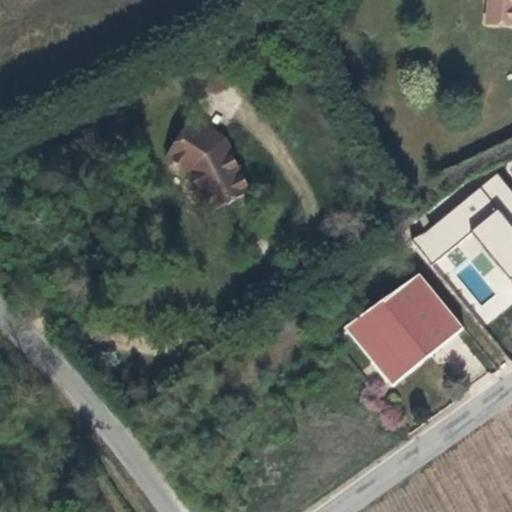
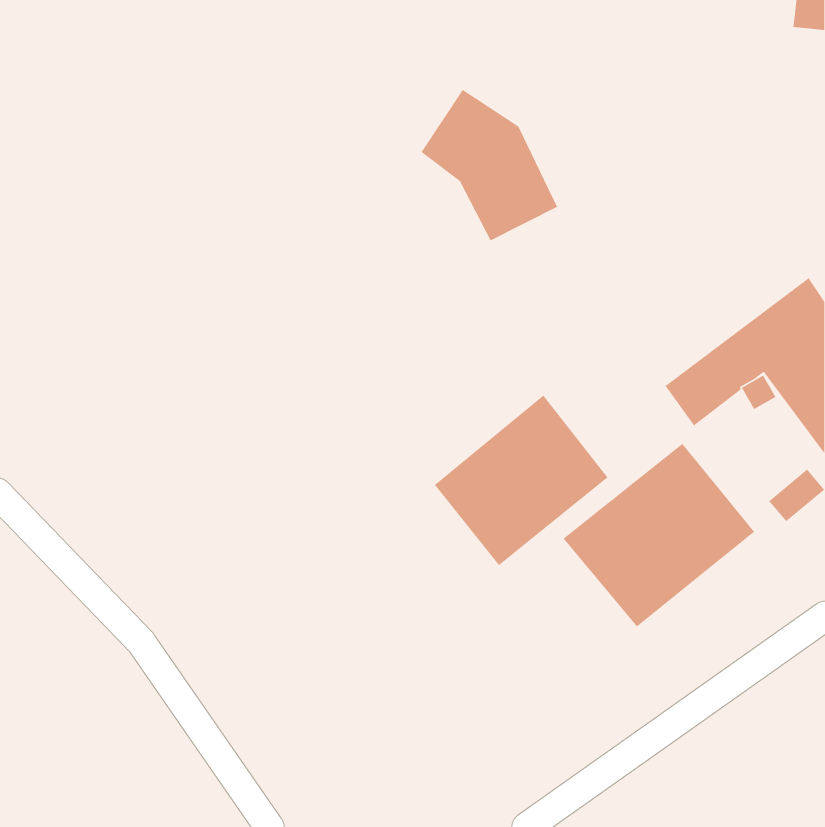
building: [167,112,252,206] -> [420,89,558,241]
building: none -> [434,395,608,566]

